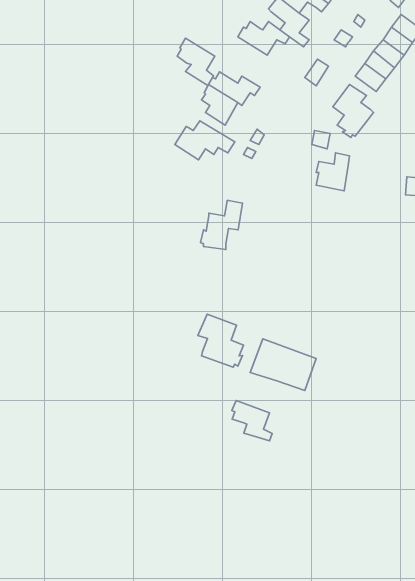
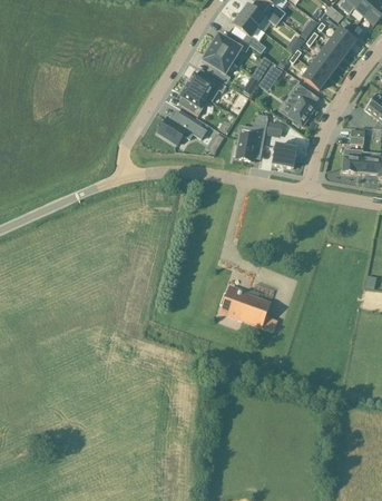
building: [177,38,215,86] -> [202,45,232,82]
building: [201,200,243,249] -> [233,120,266,159]
building: [198,314,244,367] -> none
building: [232,401,272,441] -> none

